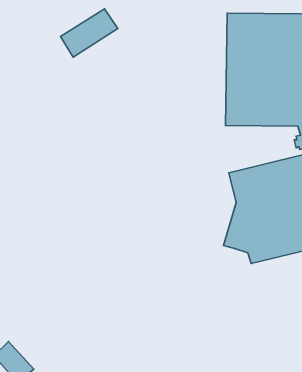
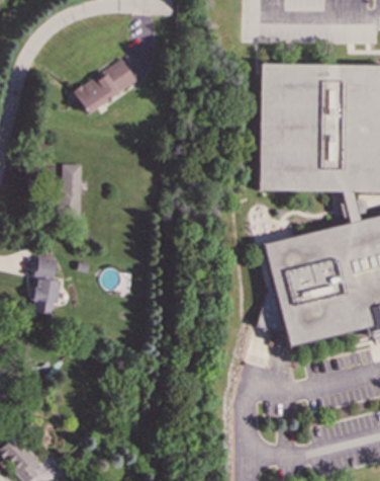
building: none -> [60,164,83,217]
building: none -> [30,256,60,315]

